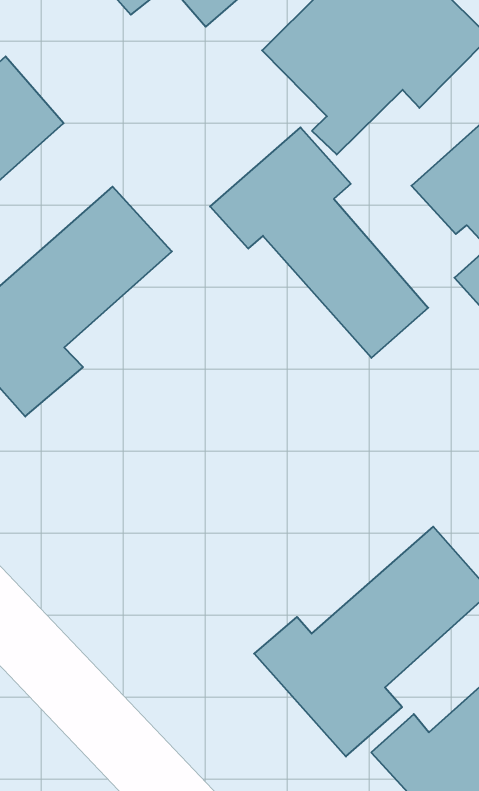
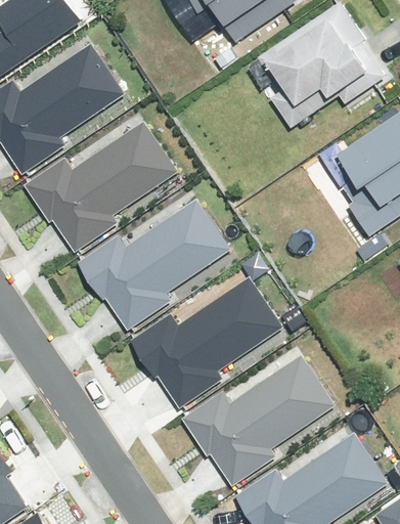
building: [210,127,428,358] -> none
building: none -> [89,205,235,333]
building: none -> [140,280,285,407]

